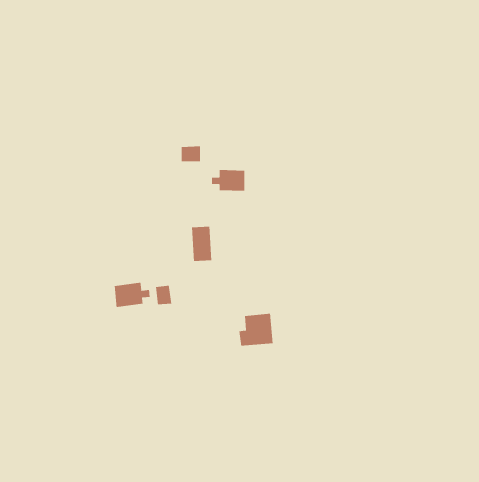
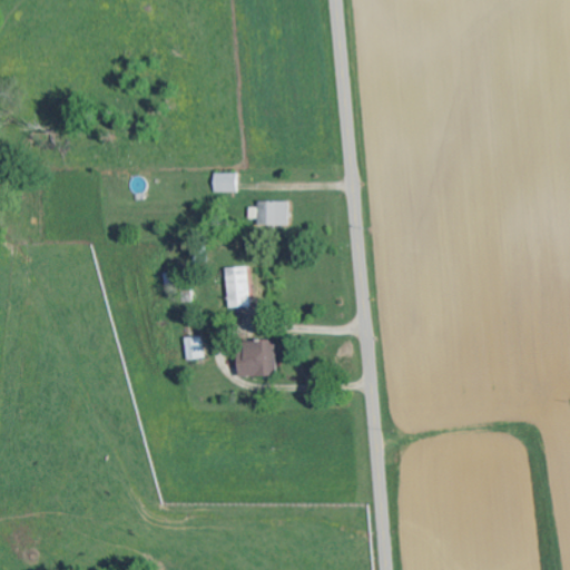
building: [114,282,150,308] -> none
building: [238,313,274,346] -> [235,338,276,377]

